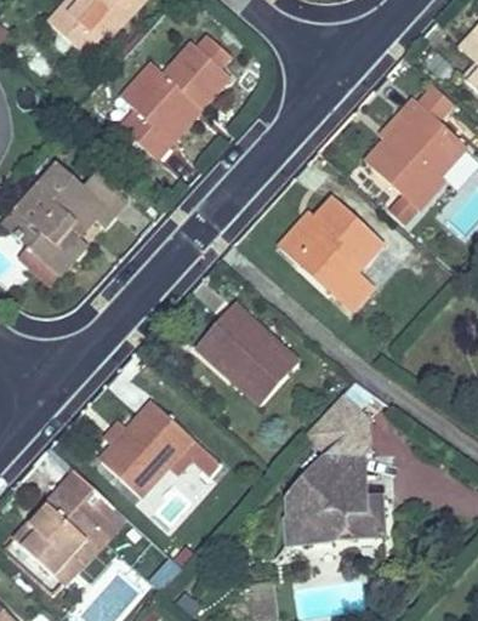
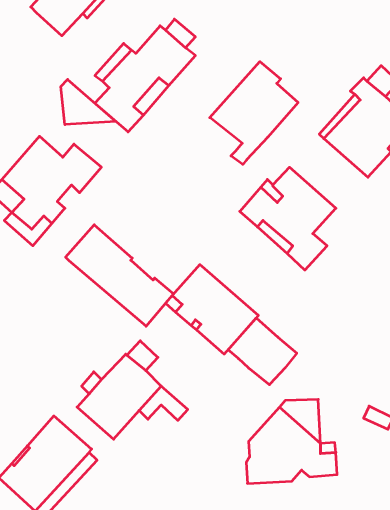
building: none -> [210,62,298,164]
building: none -> [61,79,116,125]
building: none -> [66,225,174,326]
building: none -> [228,318,297,385]

